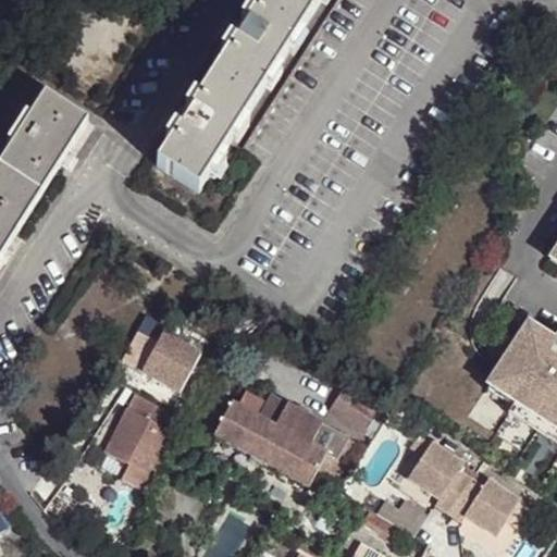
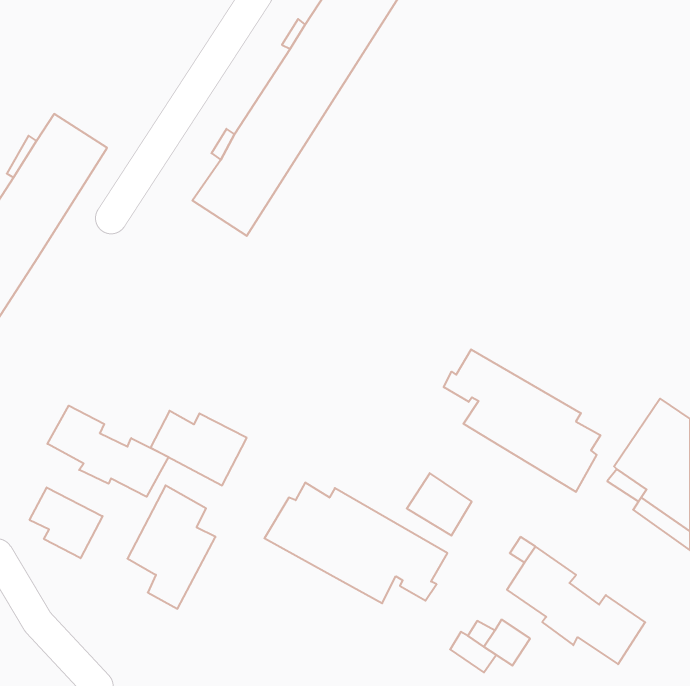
building: none -> [444,349,600,492]
building: none -> [47,406,168,497]
building: none -> [30,487,103,558]

